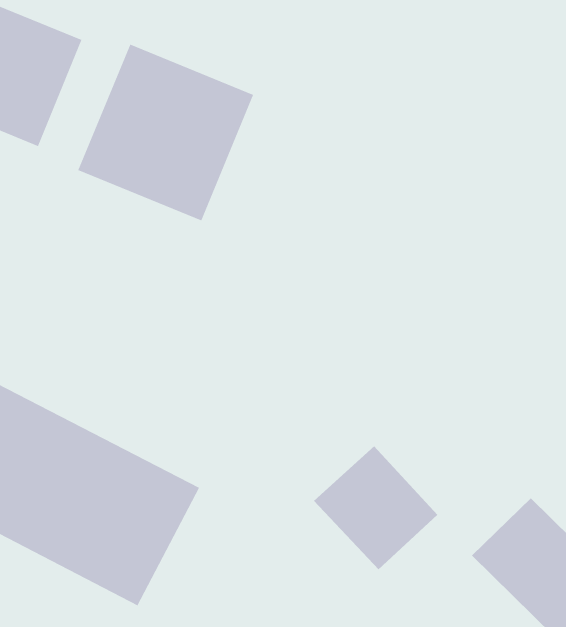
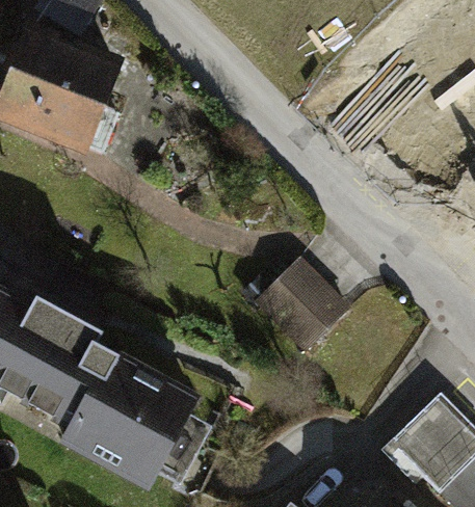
building: [77,43,254,222] -> none
building: [313,446,438,570] -> [256,258,347,349]

